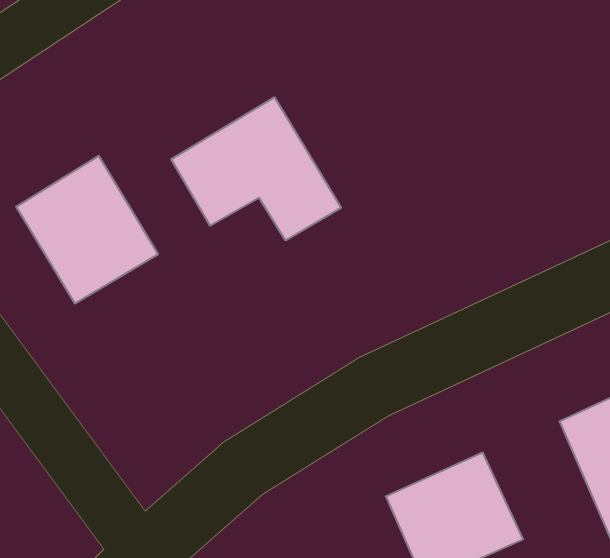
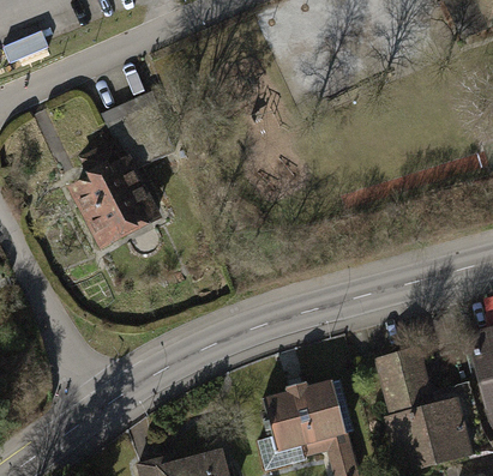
building: [171,97,341,240] -> none

